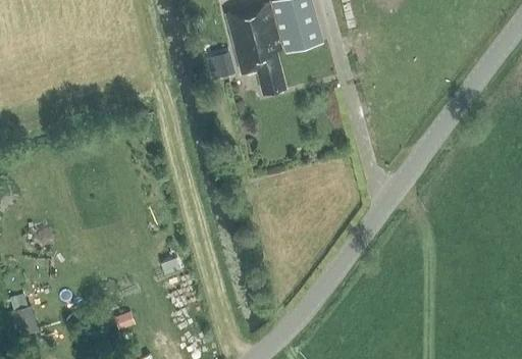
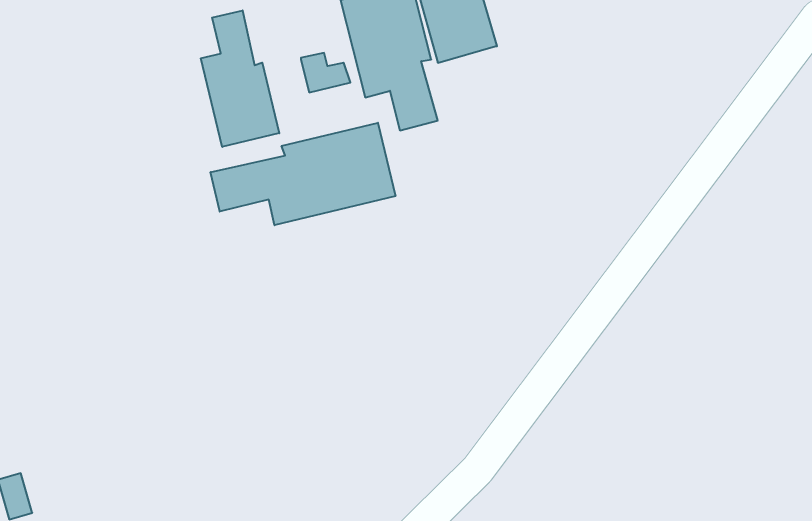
building: none -> [201,10,279,147]
building: none -> [211,123,395,225]

